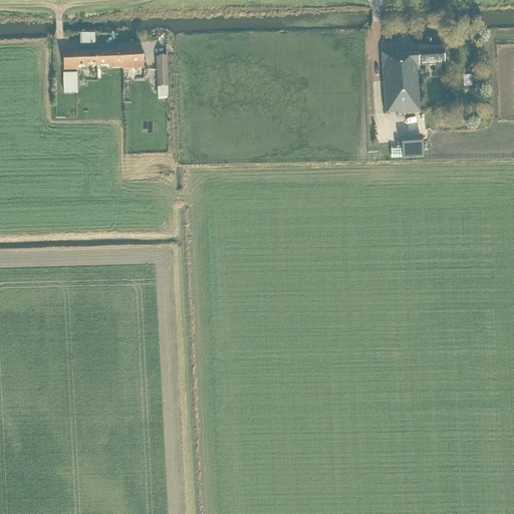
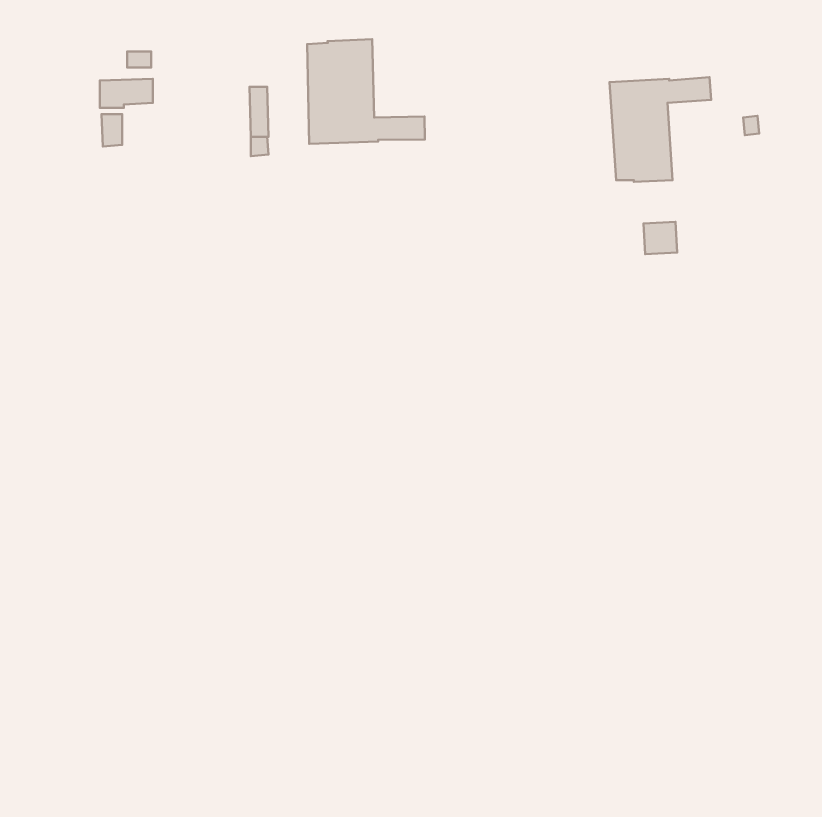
building: none -> [307,39,425,144]
building: [95,47,143,67] -> none

